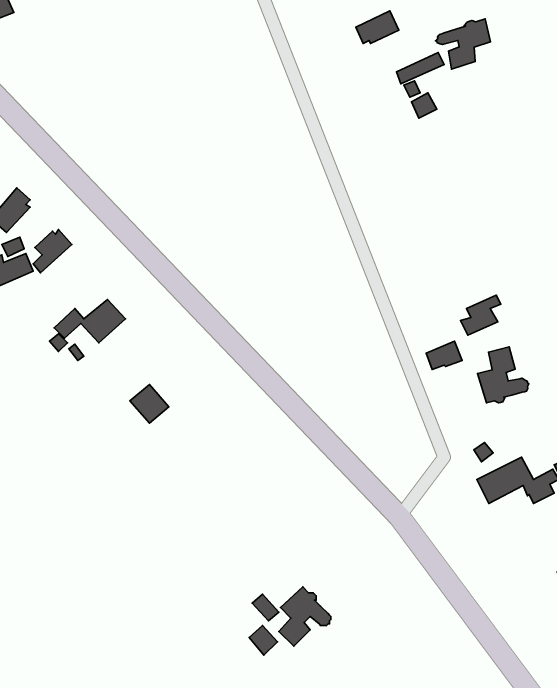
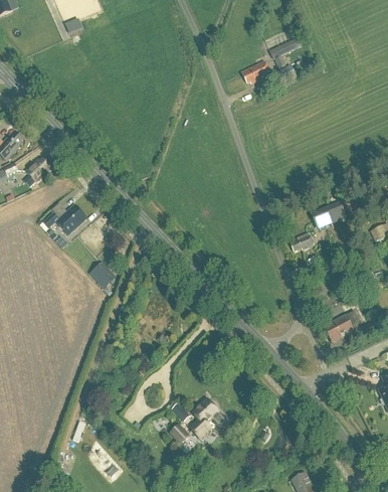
building: [356,11,399,44] -> [241,59,270,81]
building: [436,19,490,69] -> none
building: [478,347,529,403] -> none

